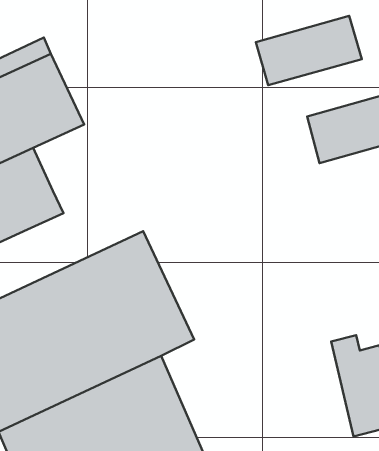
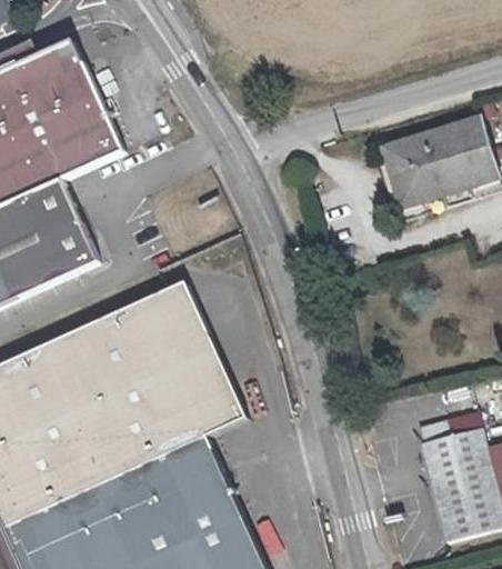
building: [256,16,362,85] -> none

